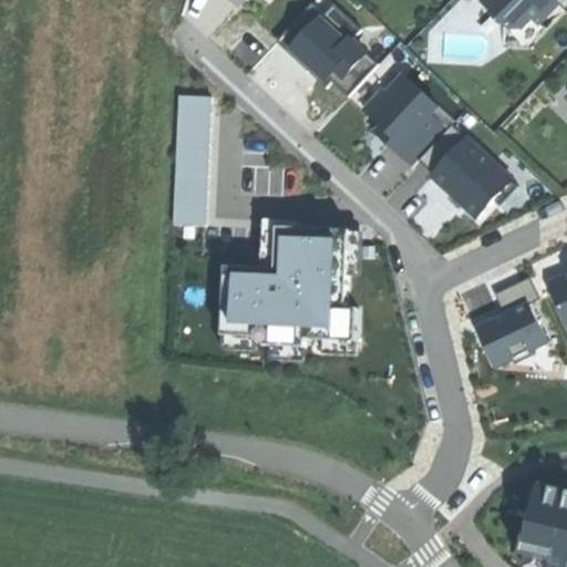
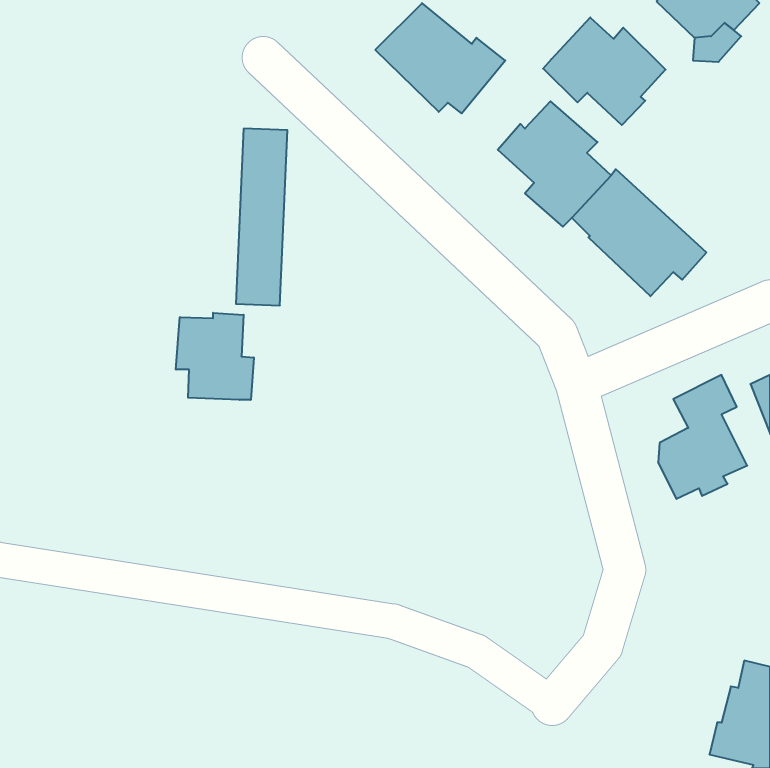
building: none -> [543,17,666,125]
building: [223,227,358,346] -> none
building: none -> [176,313,254,400]

